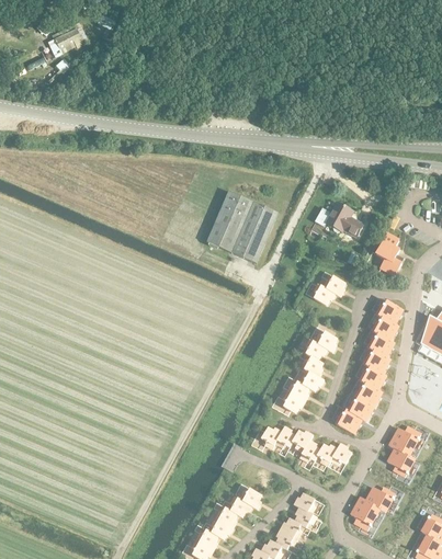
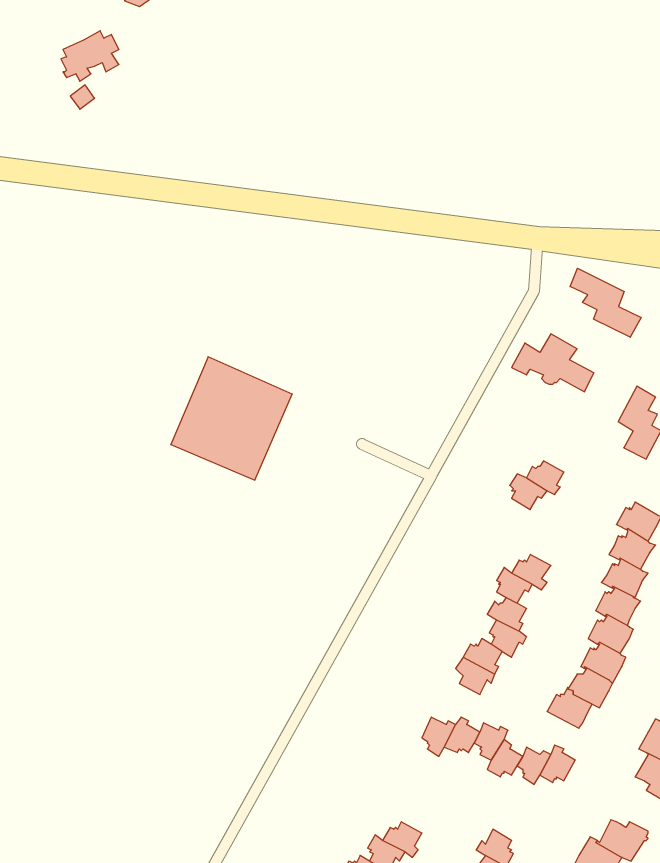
building: none -> [570,268,641,337]
building: [206,191,277,263] -> [171,357,292,480]

